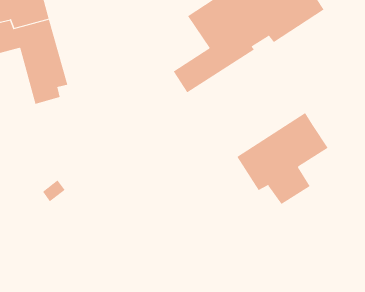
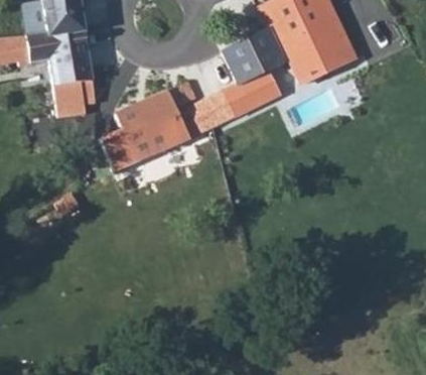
building: none -> [100,79,210,168]
building: [237,112,328,205] -> none

